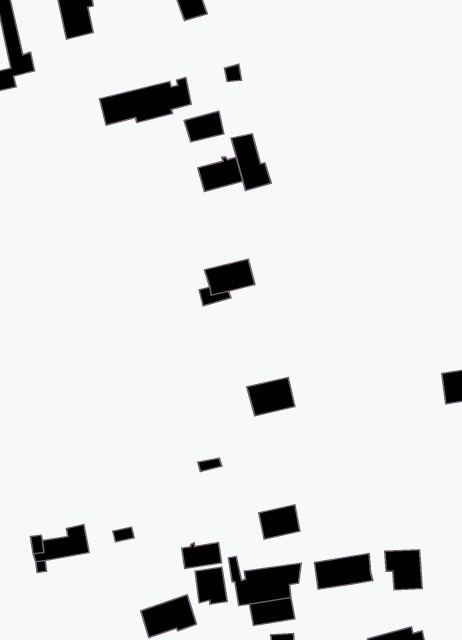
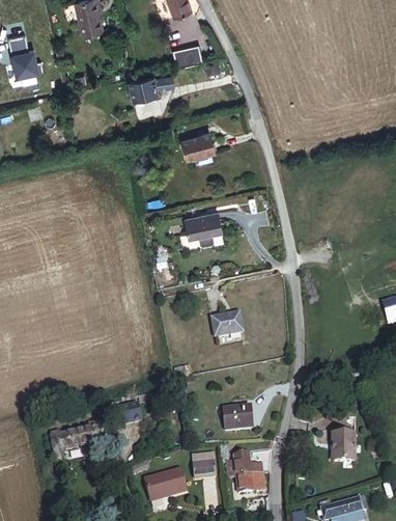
building: [184,111,224,142] -> [169,45,200,68]
building: [231,134,271,191] -> none
building: [182,543,221,568] -> none
building: [314,554,373,589] -> none

